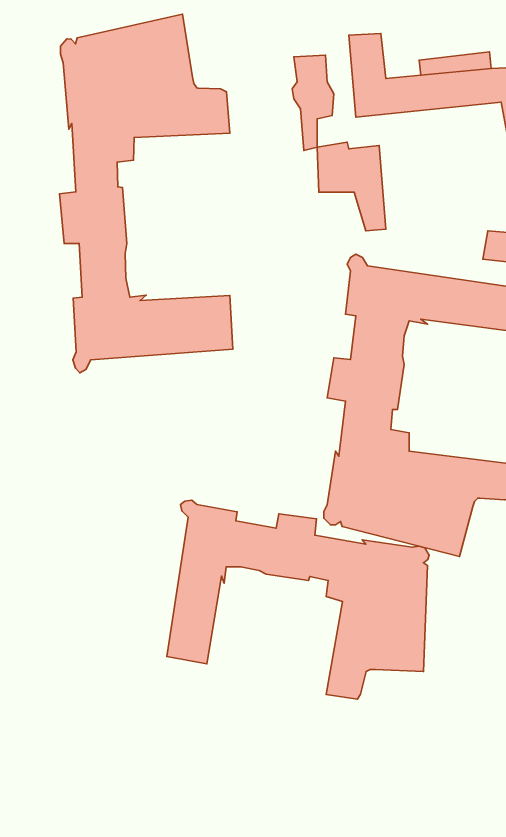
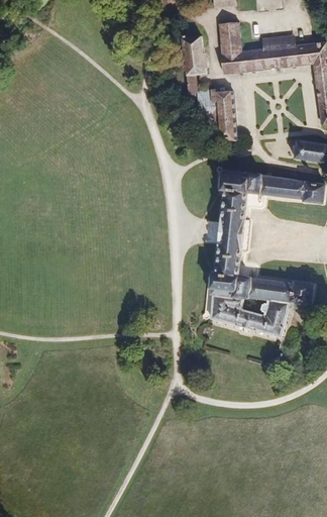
building: [60,14,233,373] -> none
building: [167,500,429,699] -> none

